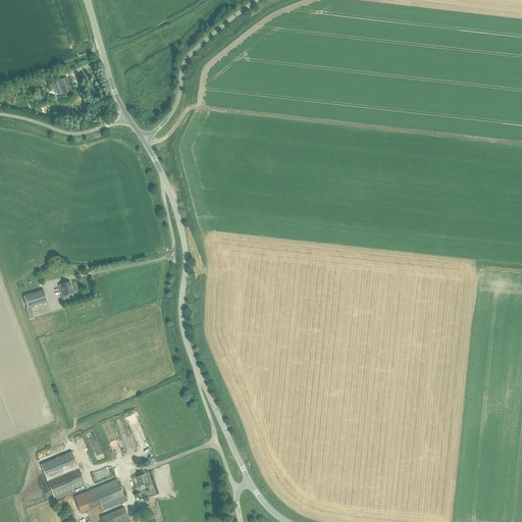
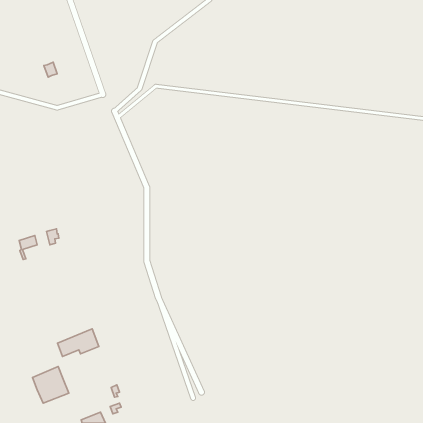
building: [73,478,124,512] -> [57,329,99,356]

